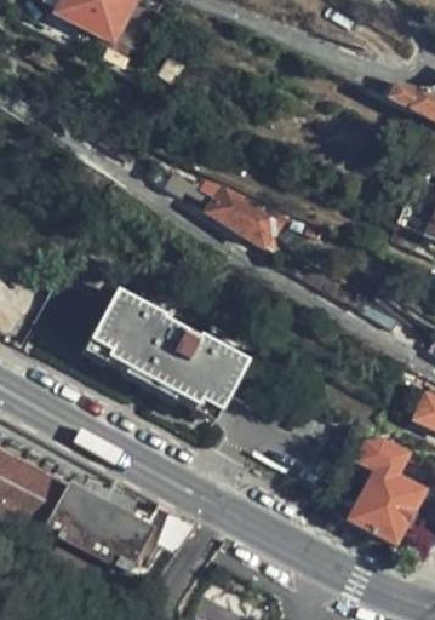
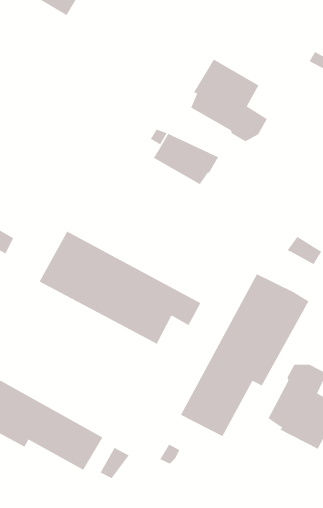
building: none -> [190,58,268,142]
building: none -> [180,273,310,437]

